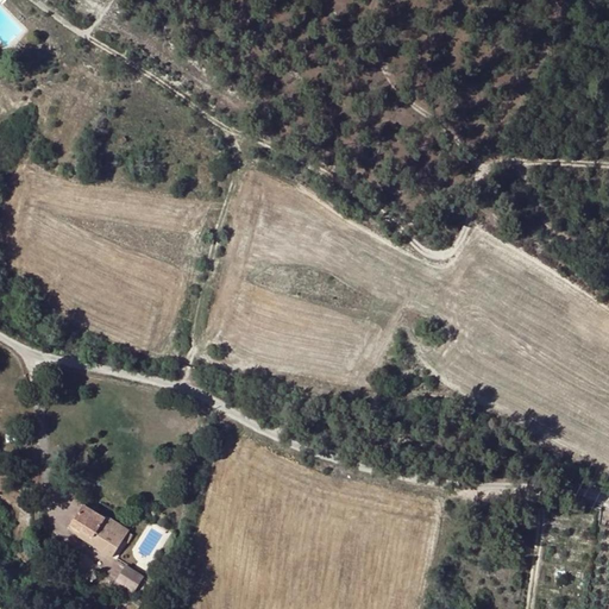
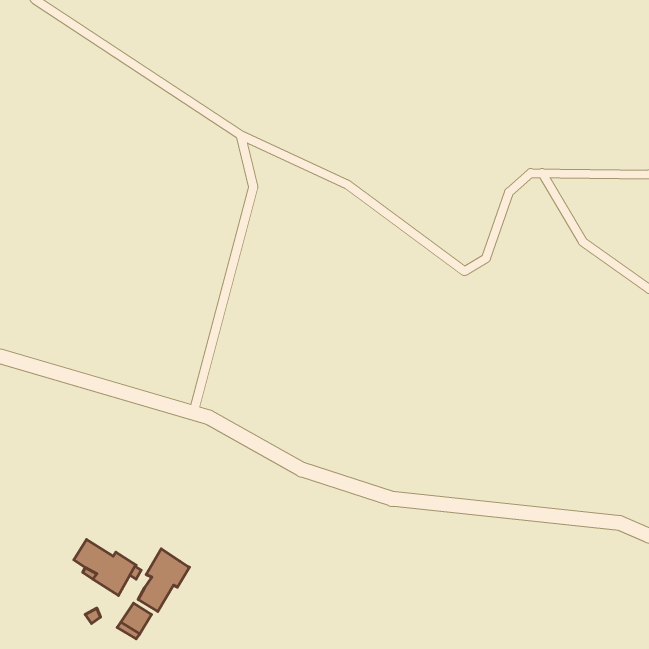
building: none -> [138,549,190,611]

